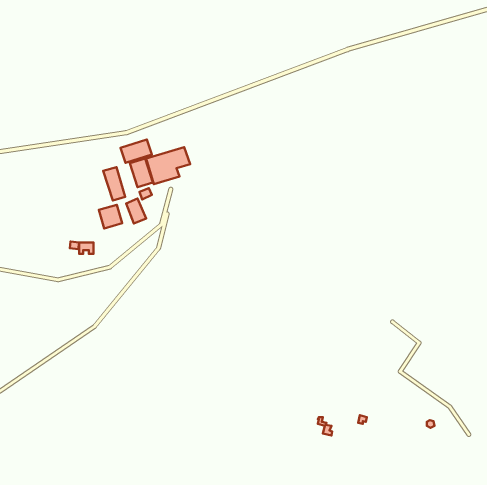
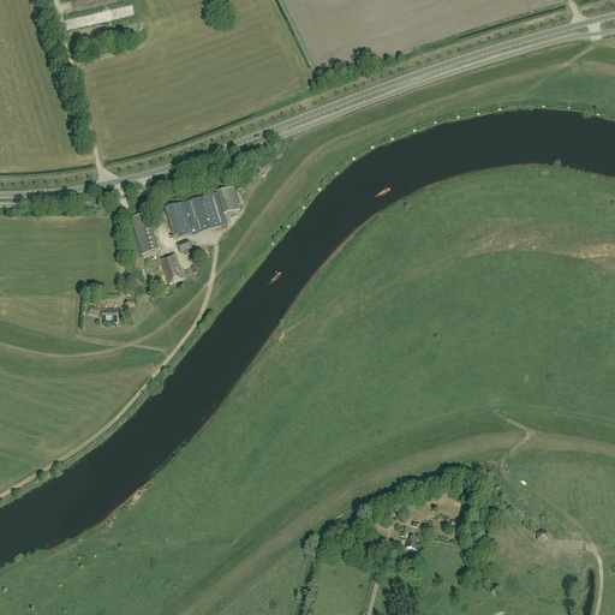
building: [120,139,152,163] -> none
building: [99,205,122,228] -> none

